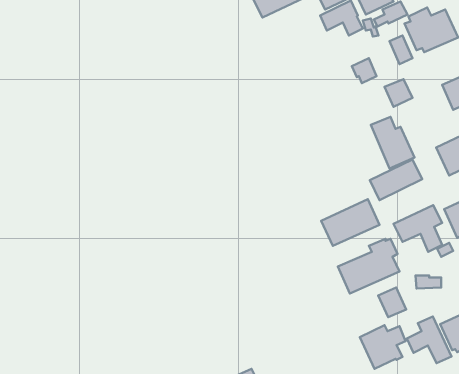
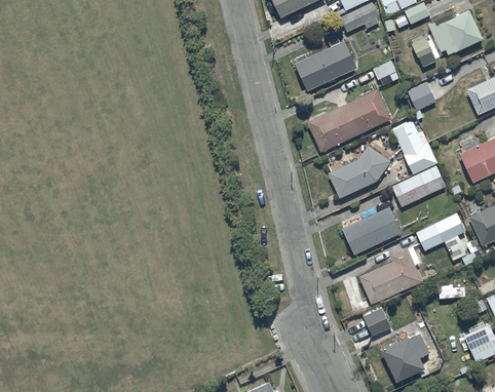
building: none -> [295,38,356,90]
building: none -> [307,88,391,152]
building: none -> [328,145,390,198]
building: [378,288,406,317] -> [361,305,390,336]
building: [407,316,452,363] -> none

